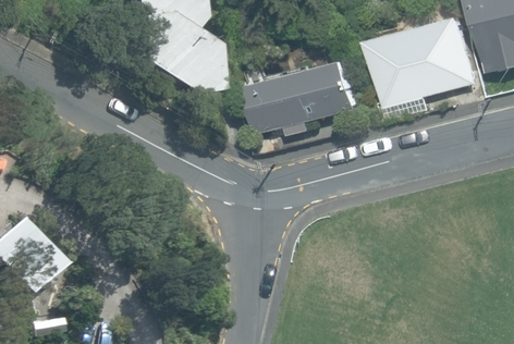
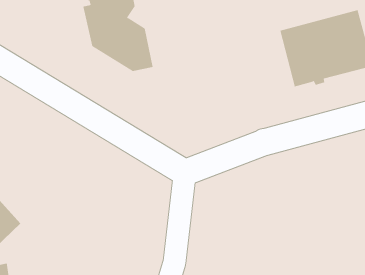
building: [248,58,367,152] -> none

